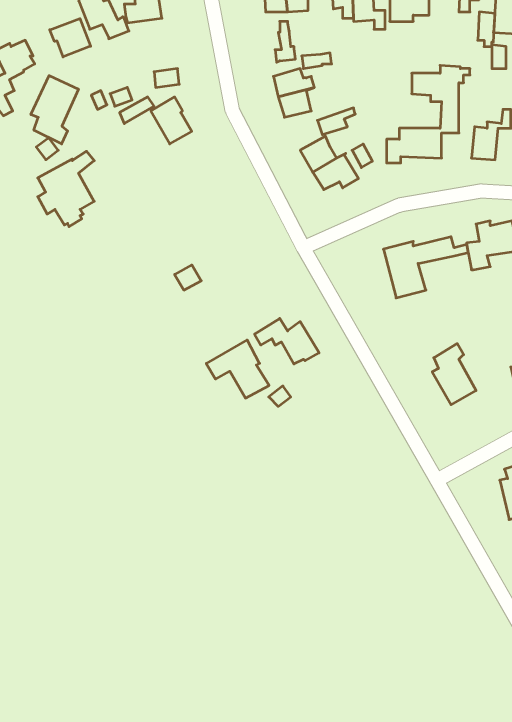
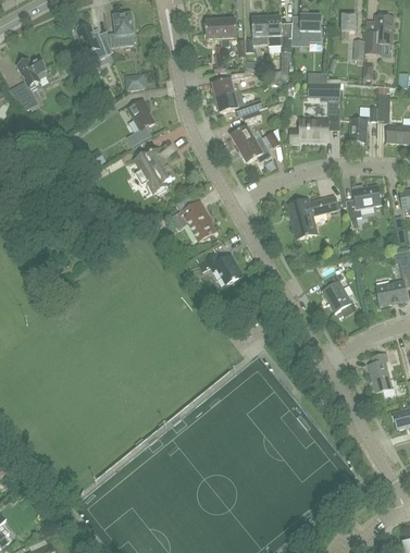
building: [50,19,91,57] -> none
building: [31,76,78,144] -> none
building: [38,151,94,227] -> [136,142,175,194]
building: [206,340,269,398] -> [172,200,215,241]

